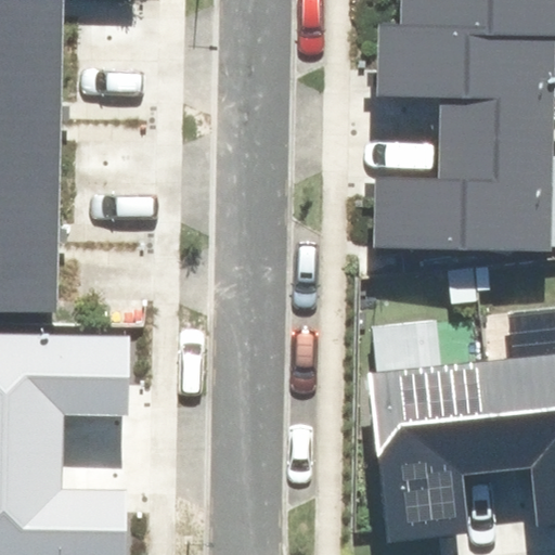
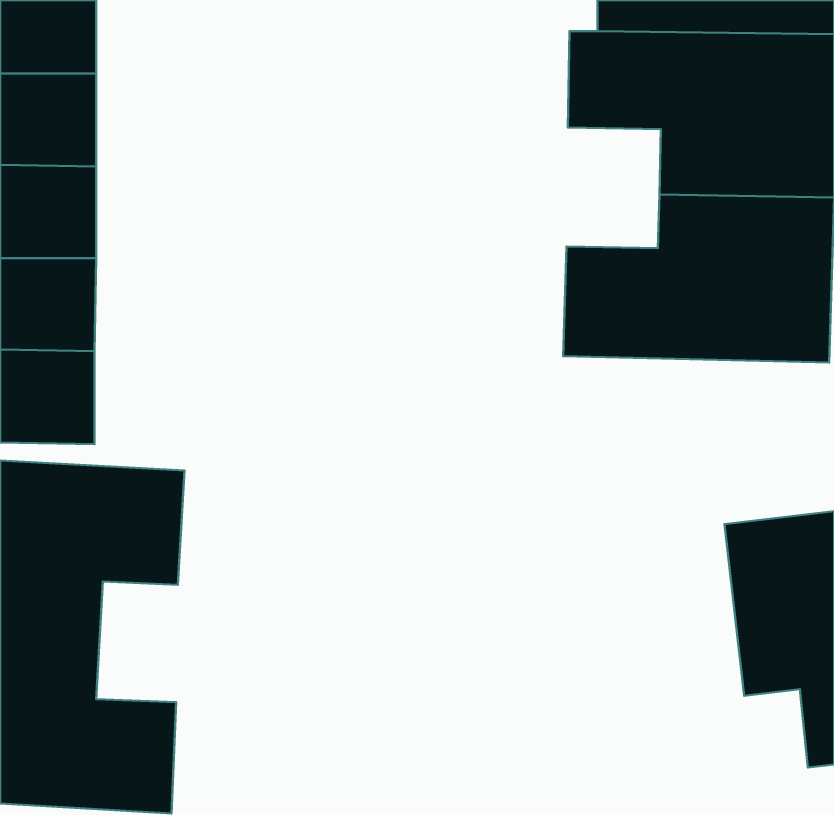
building: [372,361,494,539] -> none

